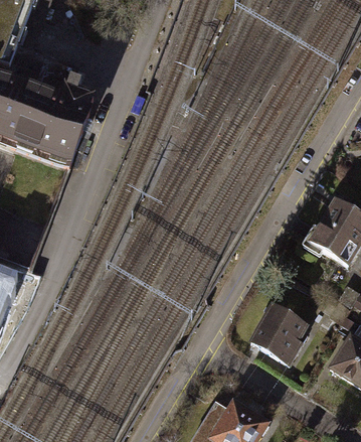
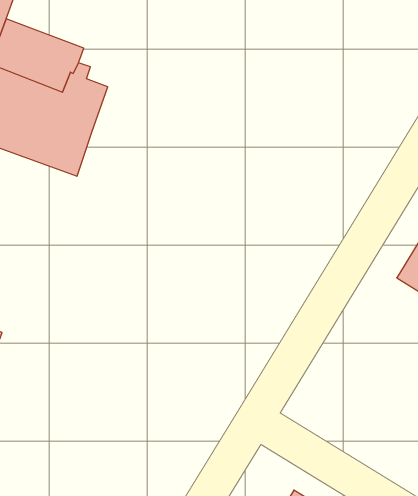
building: [249,306,304,363] -> none

